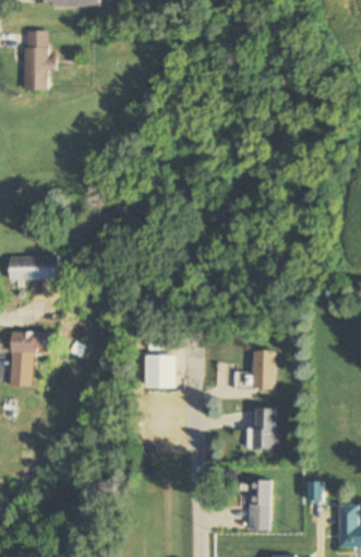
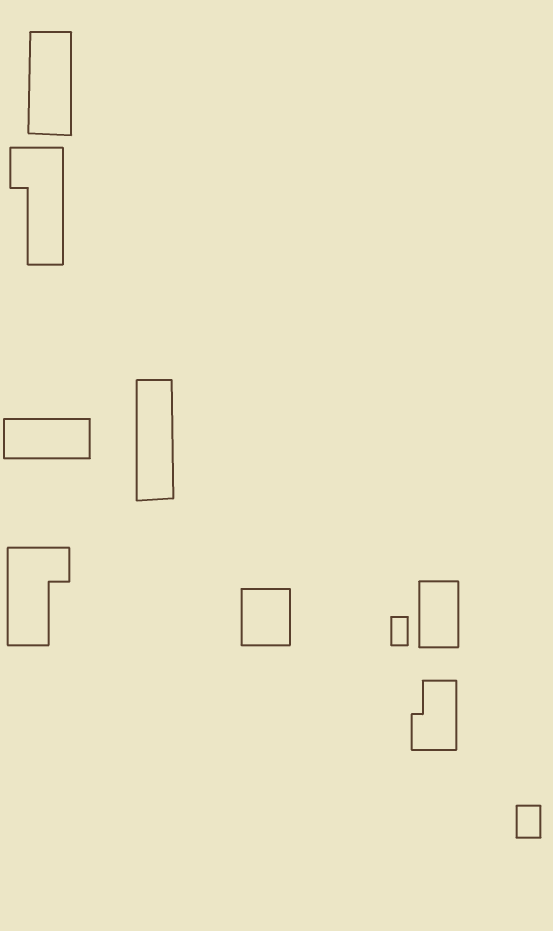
building: none -> [10,148,63,265]
building: none -> [137,380,173,501]
building: [246,480,268,530] -> none

